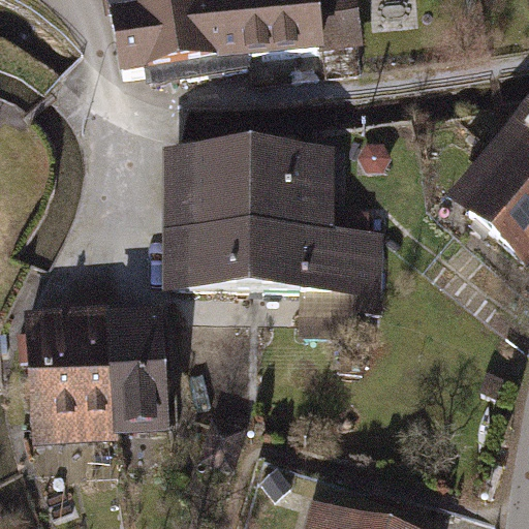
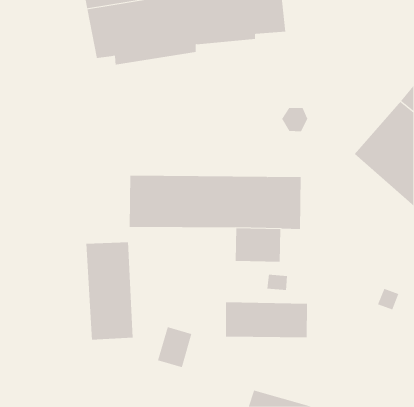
building: [164,142,340,224] -> none
building: [29,306,116,443] -> none
building: none -> [225,301,308,338]

